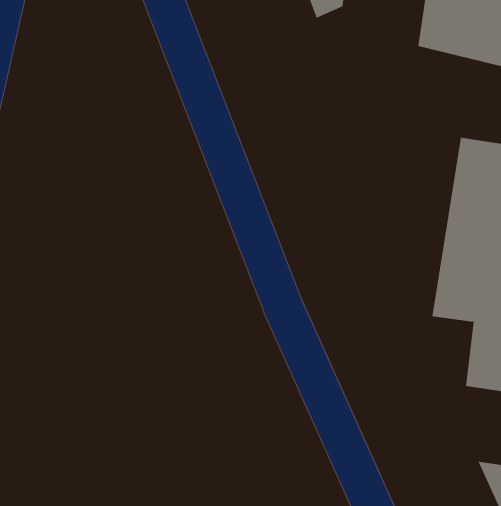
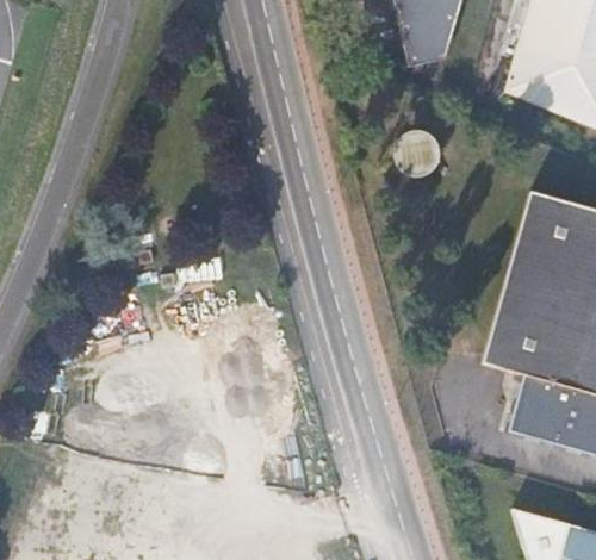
building: none -> [395,129,433,168]

